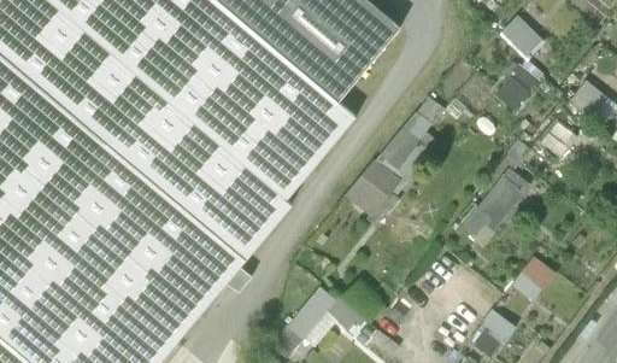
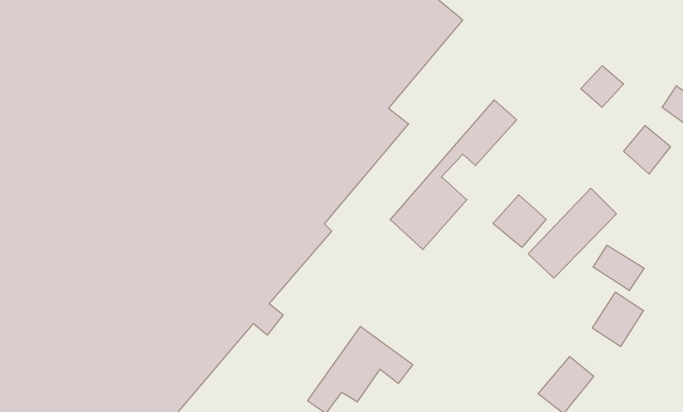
building: [499,16,545,60] -> none
building: none -> [493,195,546,247]
building: none -> [593,245,644,291]

